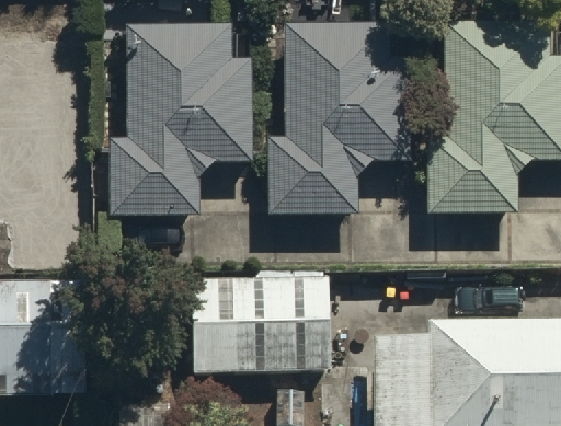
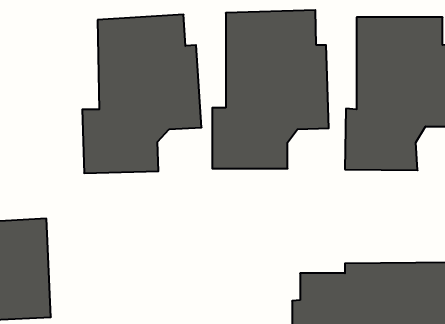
building: [194,268,331,373] -> none

